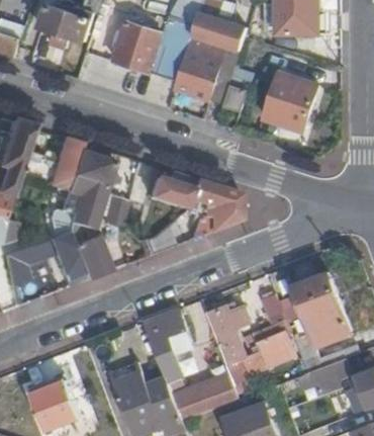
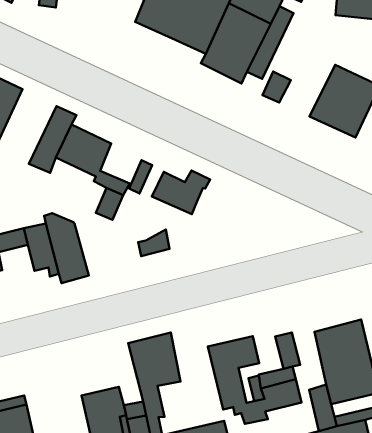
building: [63,178,100,229] -> none
building: [185,179,237,238] -> none

